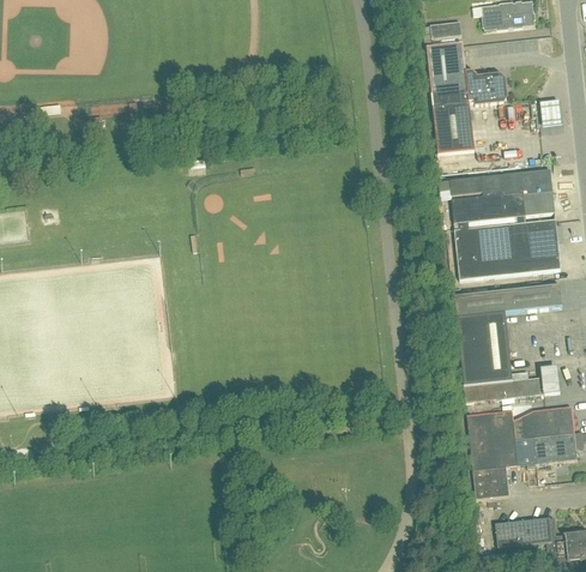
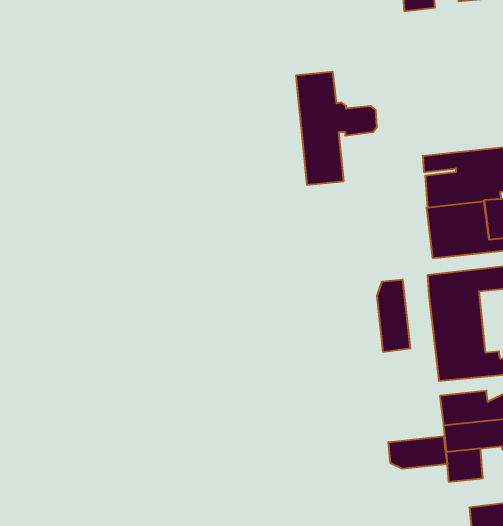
building: [427,42,506,152] -> [296,72,377,185]
building: none -> [377,279,410,352]
building: none -> [388,436,447,469]

